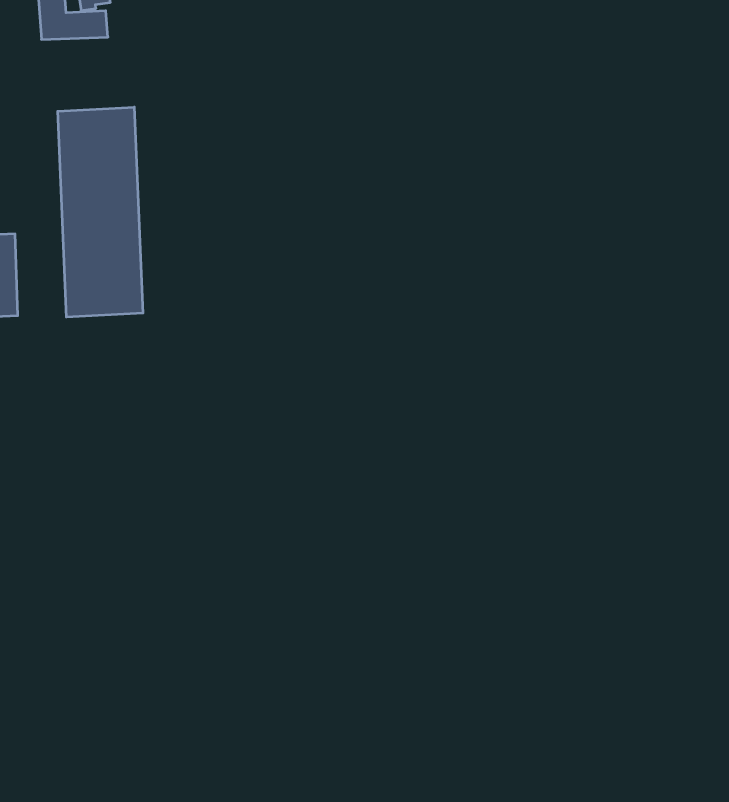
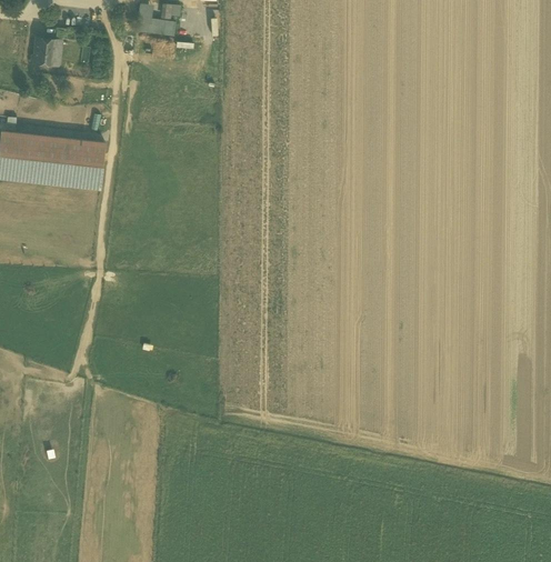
building: [58,107,143,317] -> none

